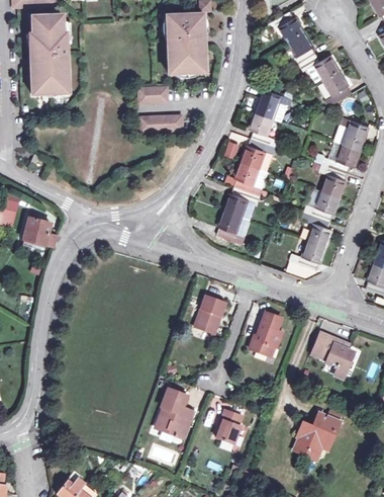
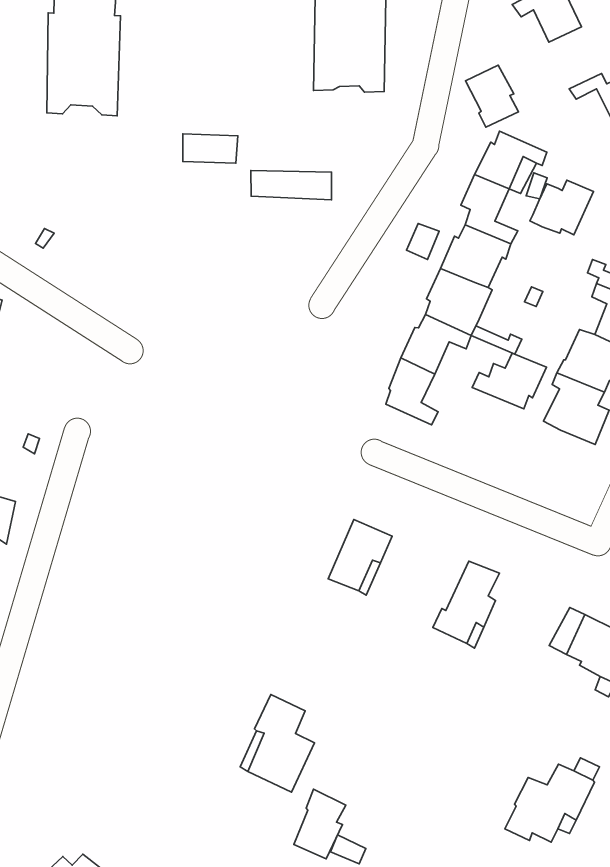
building: [288,32,316,65] -> [466,65,518,127]
building: [138,88,167,103] -> [183,134,238,163]
building: none -> [530,180,594,235]
building: [24,218,57,248] -> none
building: [289,241,326,269] -> [472,353,546,409]
building: [216,408,242,443] -> [294,789,346,859]

